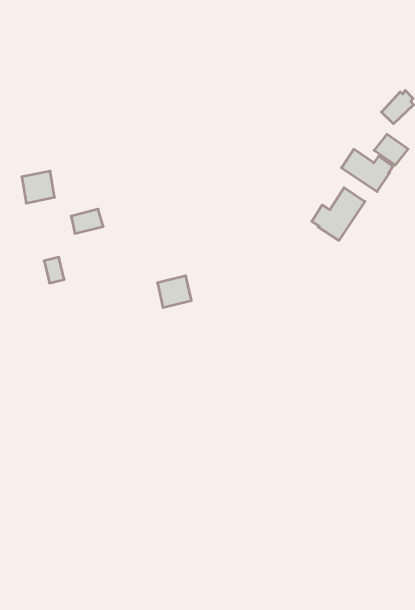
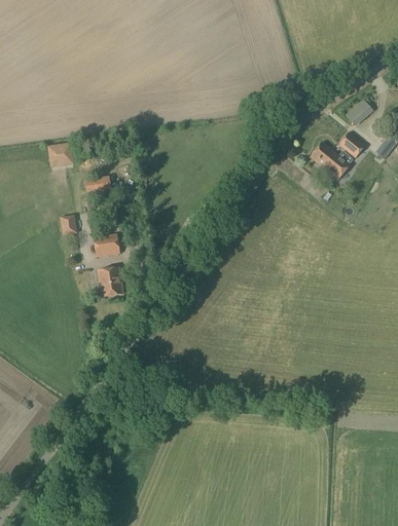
building: [312,188,365,240] -> none
building: [157,276,191,308] -> [93,233,119,258]
building: none -> [98,269,121,295]

